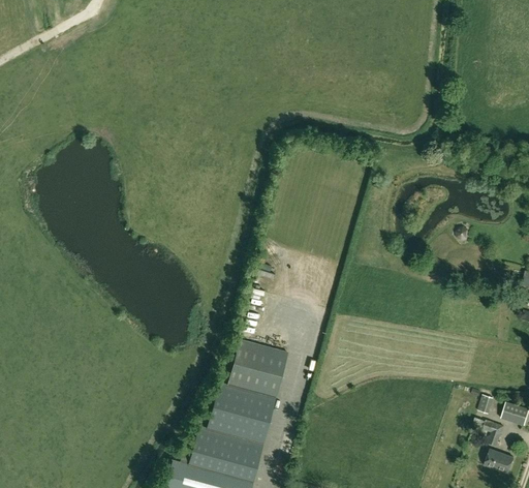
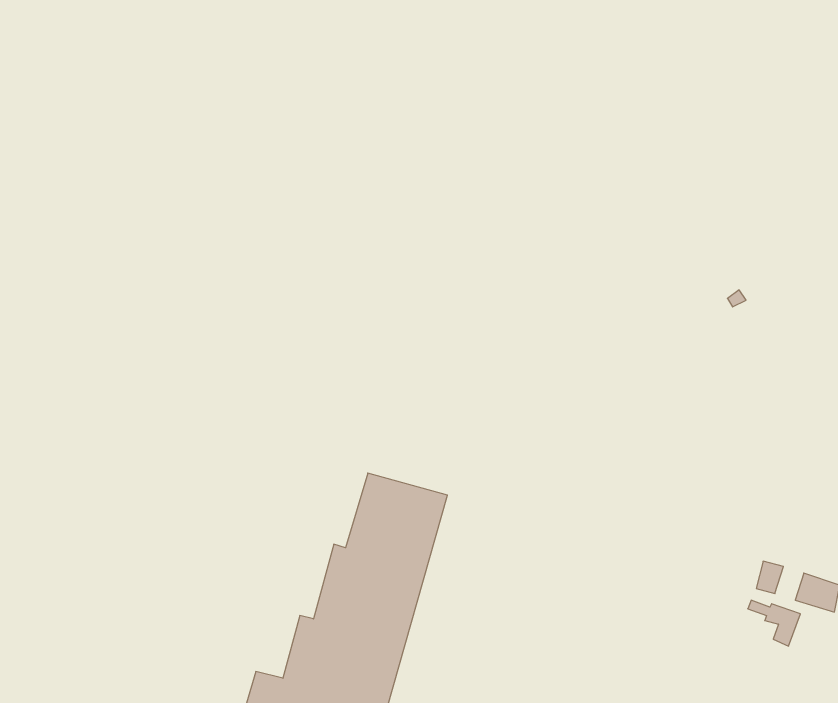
building: [485,449,514,472] -> none

